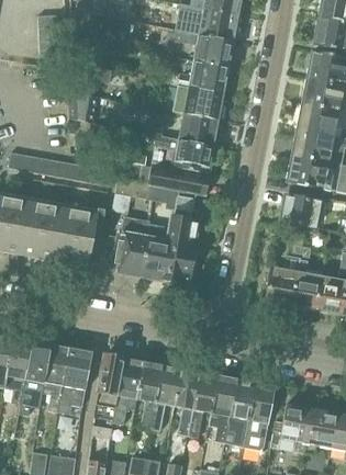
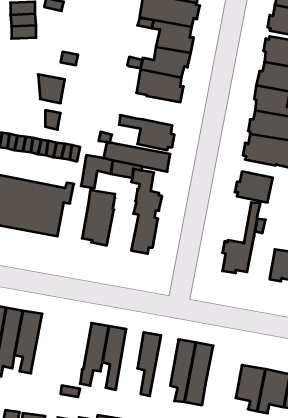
building: [155,114,220,146] -> none
building: [141,224,175,280] -> none
building: [291,264,321,310] -> none
building: [59,348,91,414] -> none
building: [96,355,122,407] -> none
building: [150,364,180,430] -> none
building: [187,371,217,438] -> none
building: [243,382,275,449] -> none

